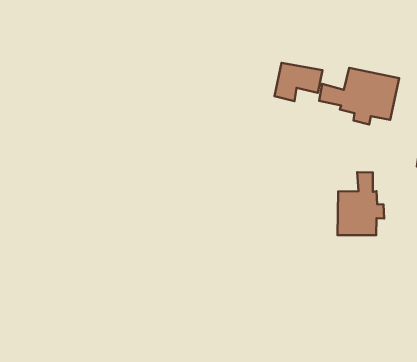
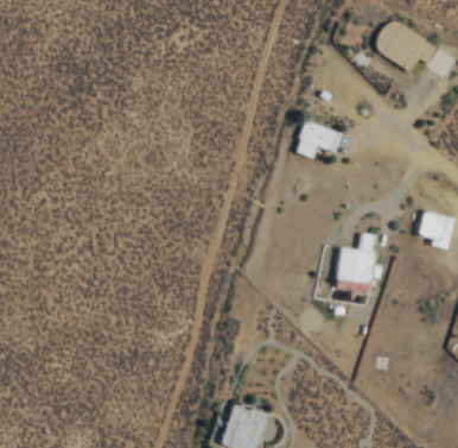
building: [319,68,399,124] -> none

